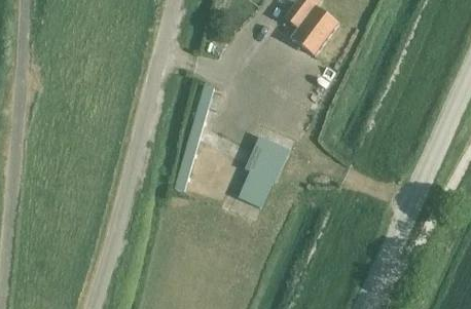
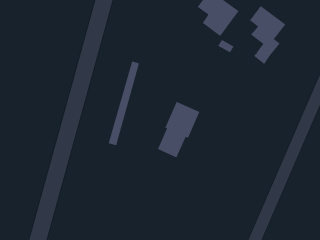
building: none -> [249,5,286,65]

